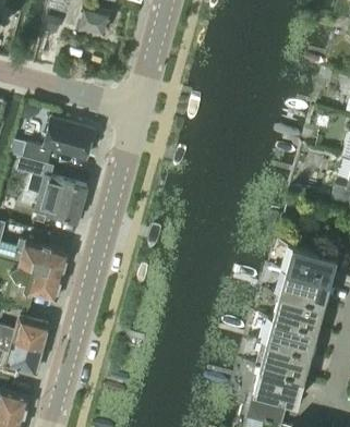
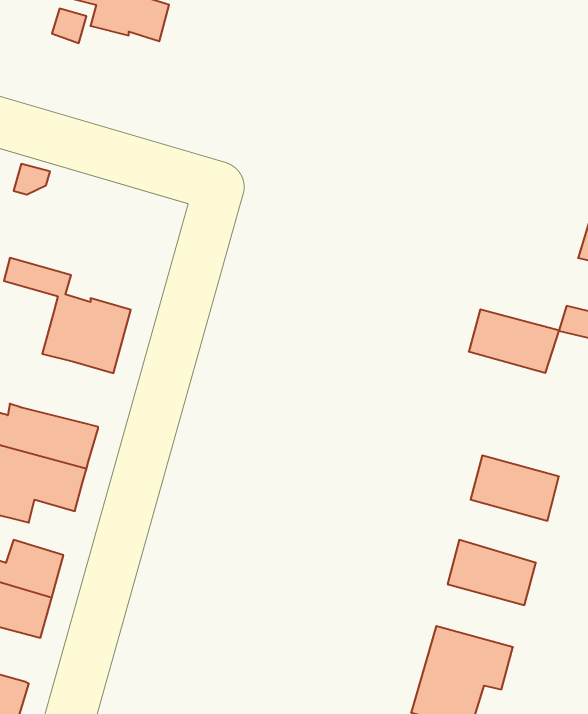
building: [22,117,94,163] -> none
building: [287,245,338,281] -> [469,309,559,373]
building: [274,294,324,330] -> none
building: [261,342,311,378] -> none

